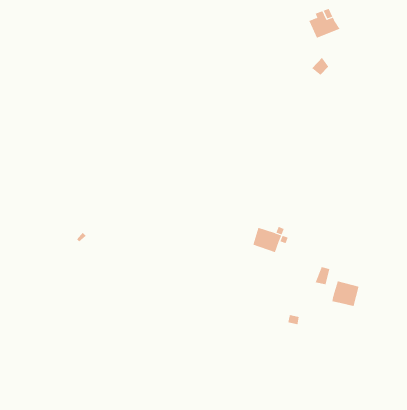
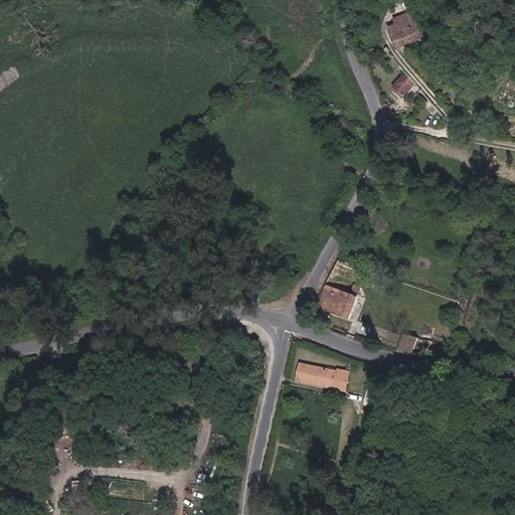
building: [332,280,359,307] -> none
building: none -> [296,364,343,391]

